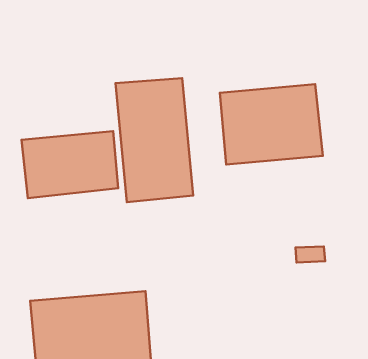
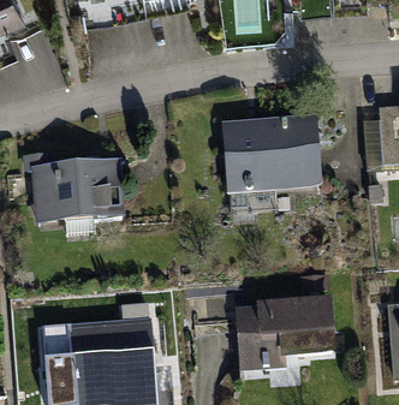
building: [116,78,193,202] -> none
building: none -> [234,299,338,371]

